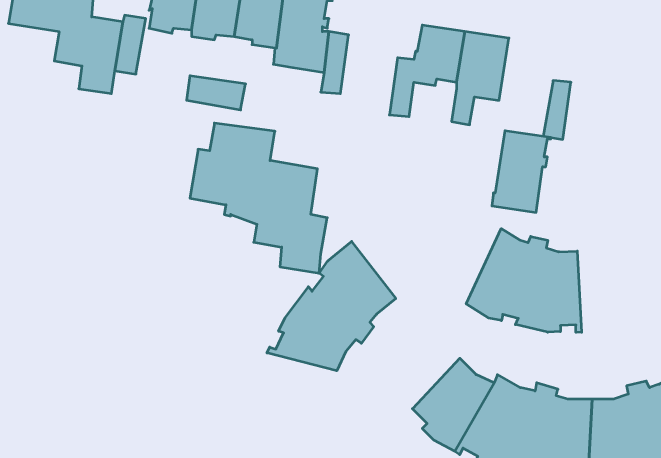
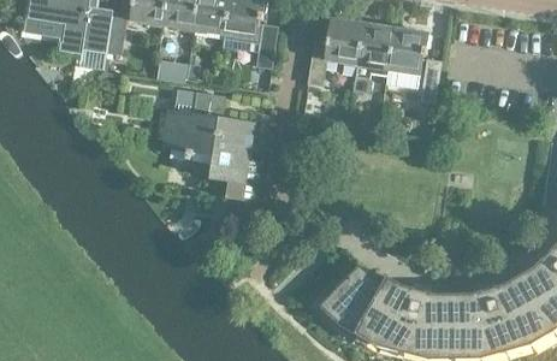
building: [492,131,551,212] -> [385,29,428,89]
building: [466,229,582,332] -> none
building: [267,241,396,371] -> none

